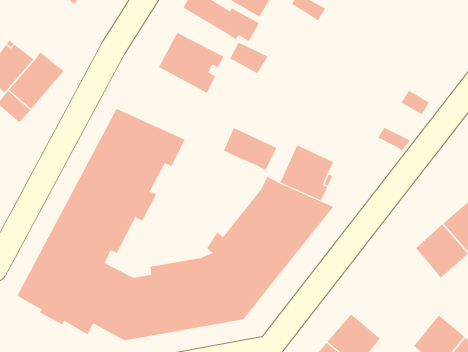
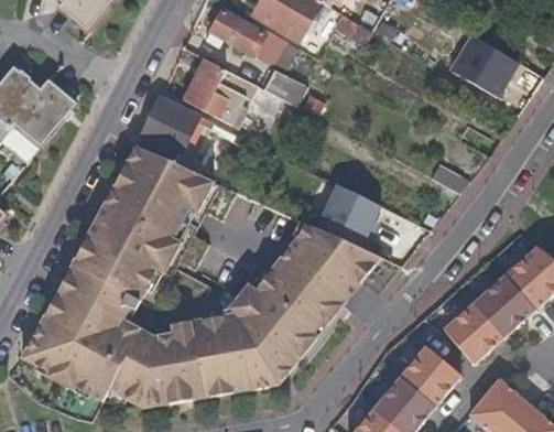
building: none -> [445,29,515,95]
building: none -> [140,97,198,155]
building: [223,127,277,171] -> none
building: none -> [444,302,501,363]
building: none -> [400,345,459,404]

